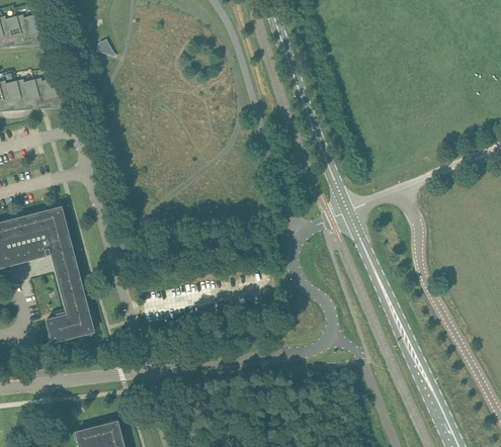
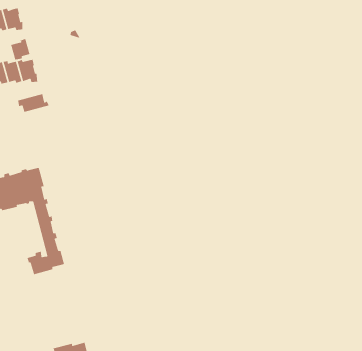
building: none -> [10,38,30,61]
building: none -> [17,93,50,113]

